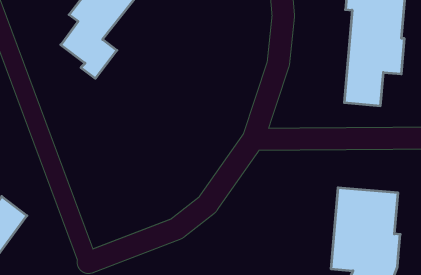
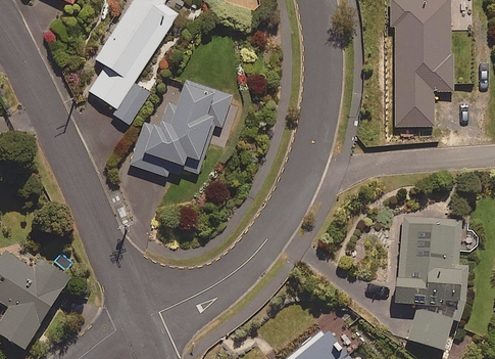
building: none -> [129,74,232,181]

